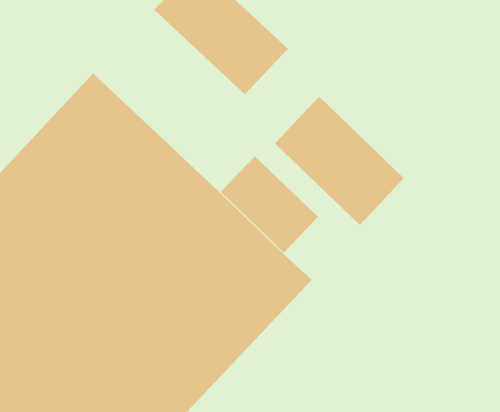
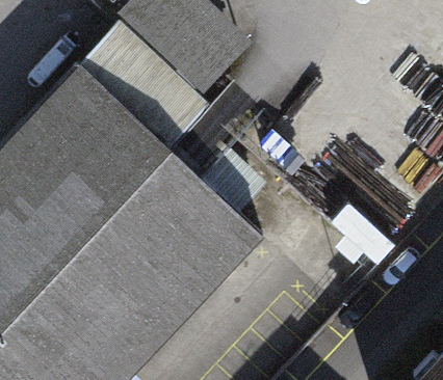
building: none -> [83,27,209,150]
building: [274,96,405,226] -> none

